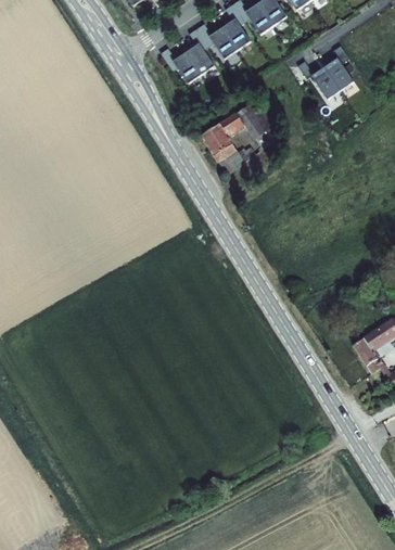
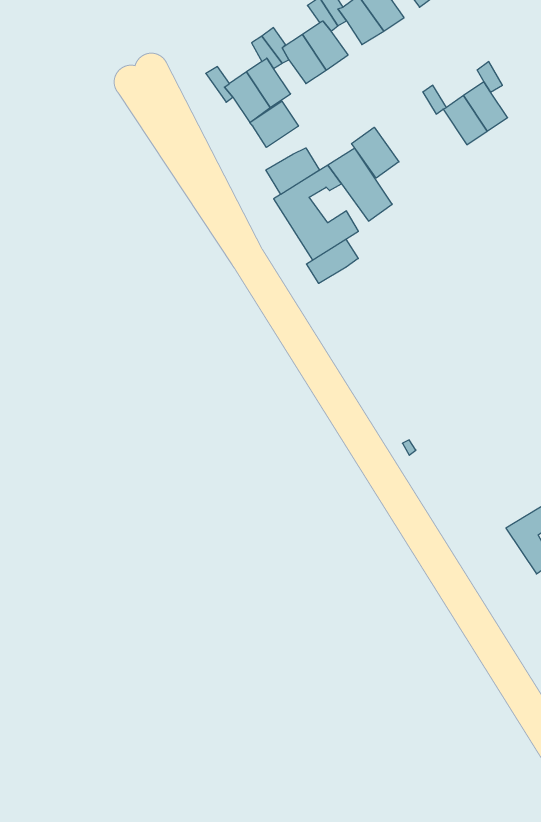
building: none -> [250,101,298,147]
building: none -> [352,127,399,178]
building: none -> [266,148,320,194]
building: none -> [306,239,358,283]

